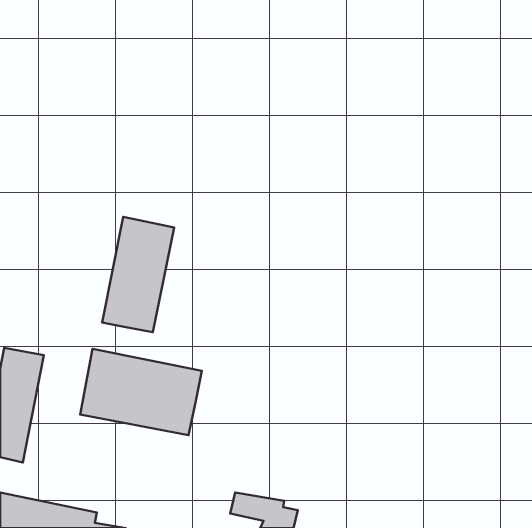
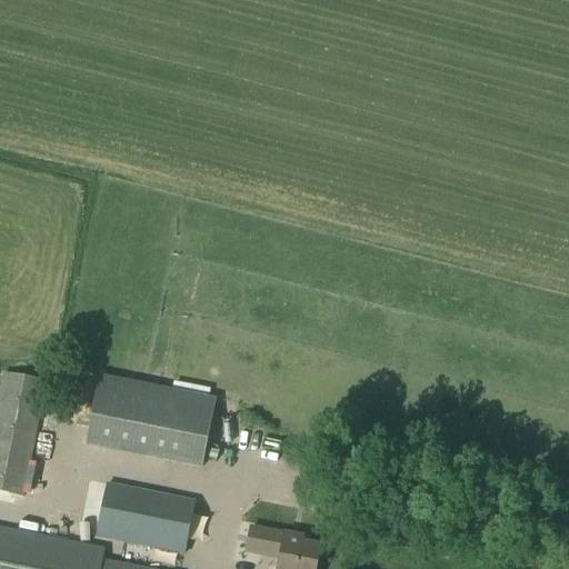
building: [102,217,174,332] -> none
building: none -> [98,481,194,552]

